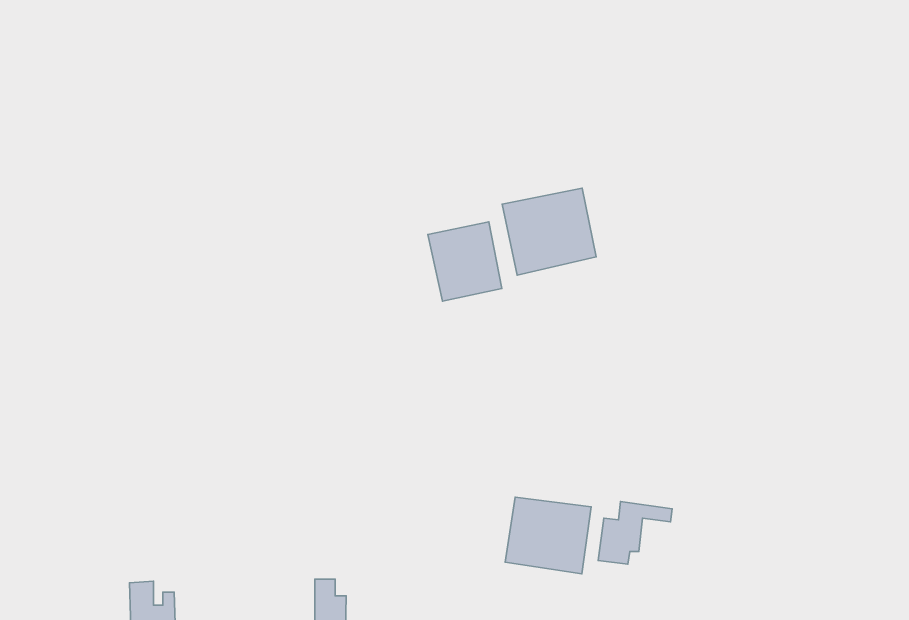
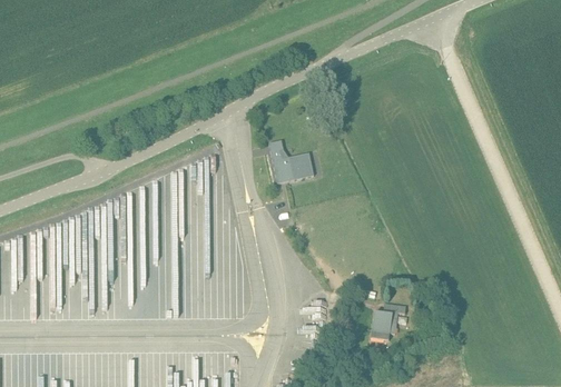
building: [502,188,596,275] -> none
building: [505,497,591,574] -> none

